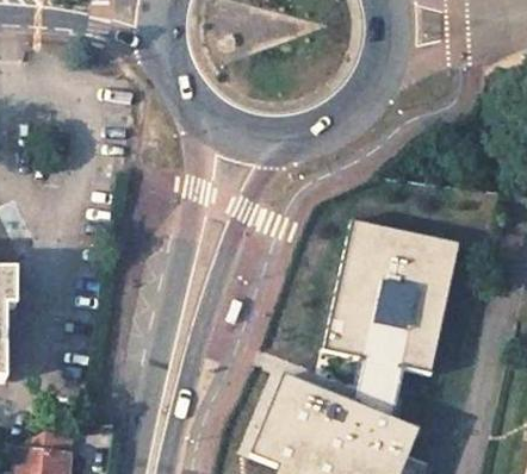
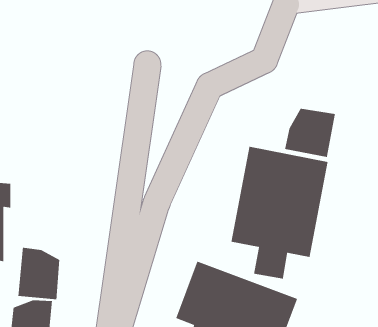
building: none -> [284,108,336,158]
building: none -> [18,247,60,300]

